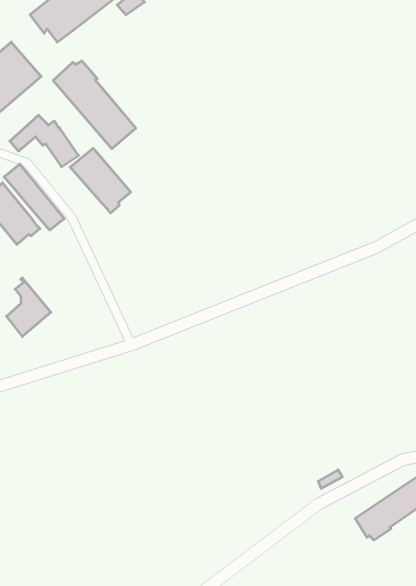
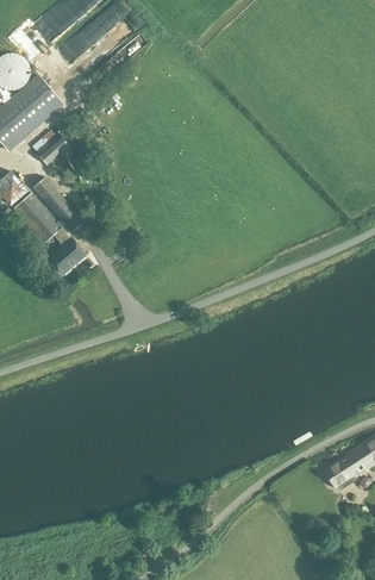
building: [53,61,136,149] -> none
building: [70,148,131,213] -> none
building: [6,278,51,337] -> [48,226,85,275]

